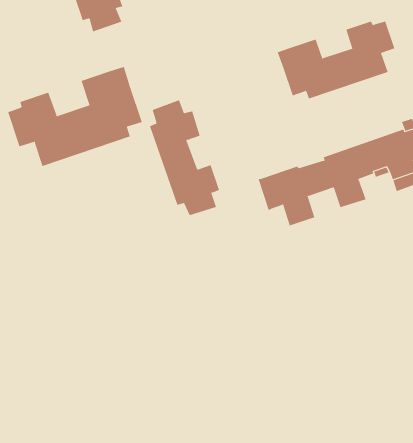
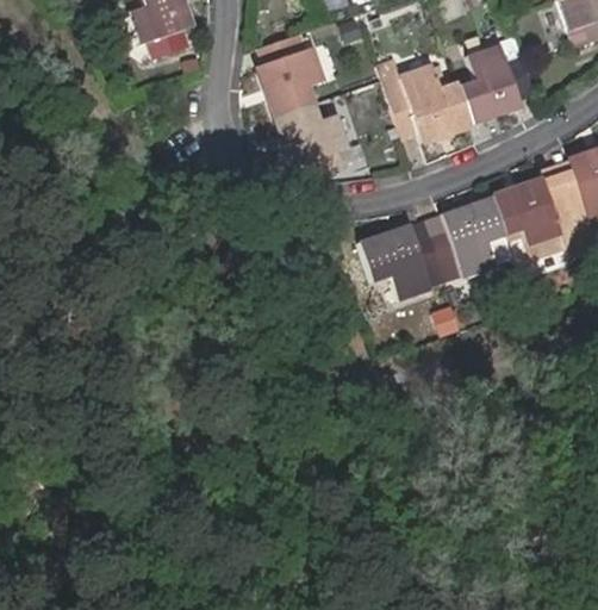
building: [8,66,142,167] -> none
building: [149,99,220,216] -> [258,33,347,179]

